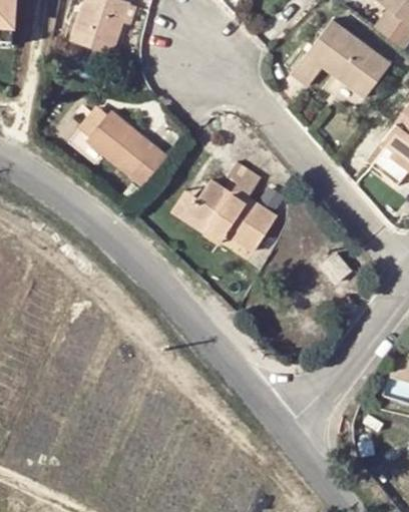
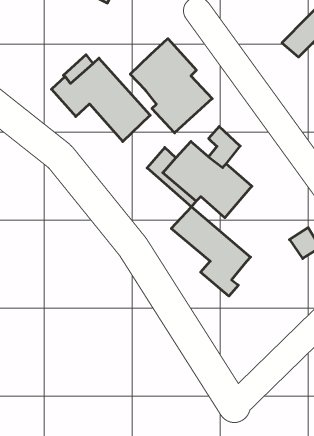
building: none -> [130,39,212,133]
building: none -> [171,207,251,296]

